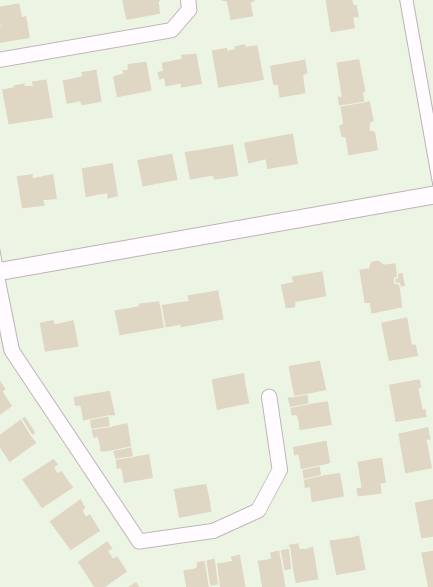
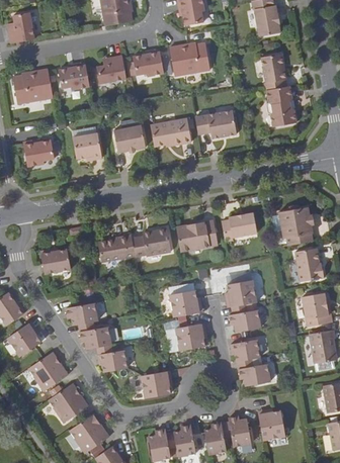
building: [270,59,308,98] -> none
building: none -> [176,219,219,251]
building: none -> [176,323,205,350]
building: [356,457,387,497] -> none

